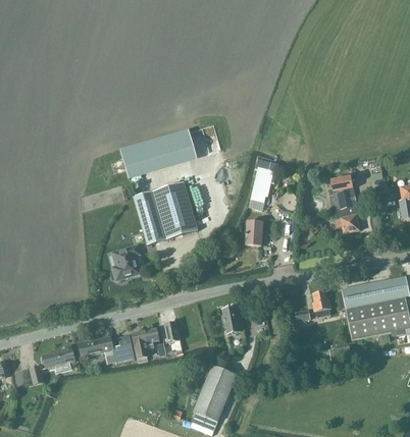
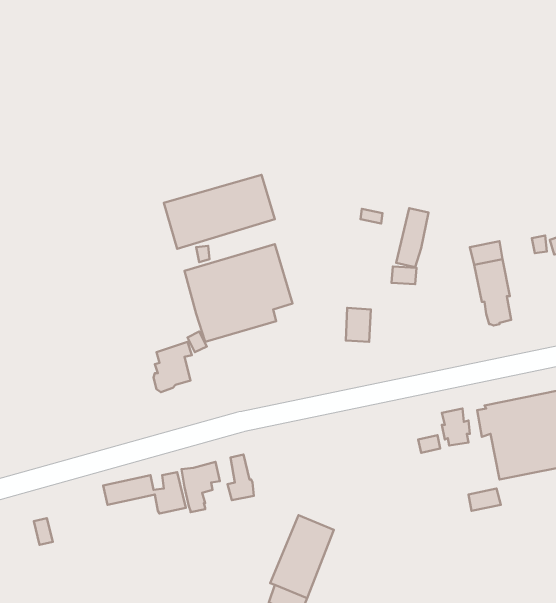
building: [249,168,271,209] -> [396,208,429,267]
building: [221,305,245,334] -> none
building: [43,344,74,367] -> none

